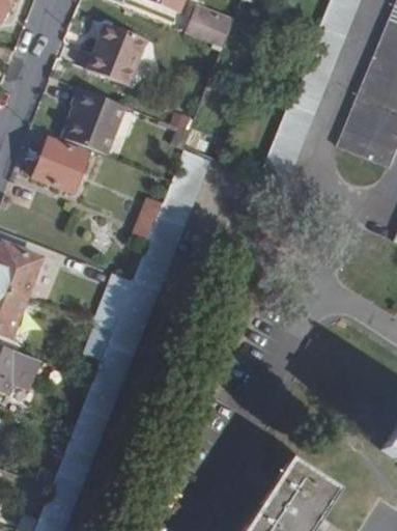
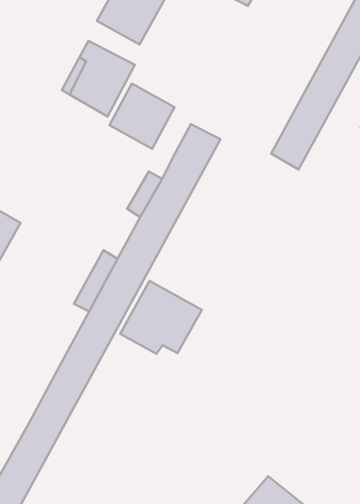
building: [35,139,91,195] -> [110,83,175,149]
building: none -> [120,281,202,354]

